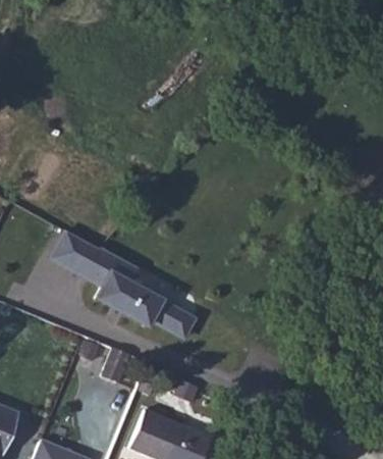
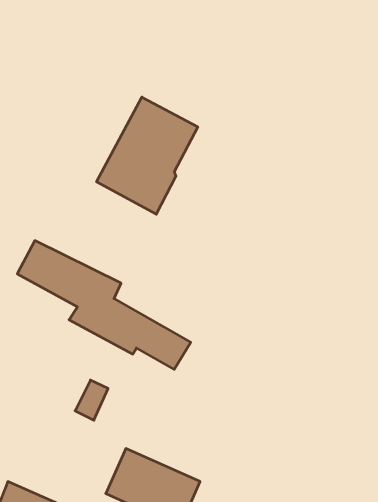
building: none -> [97,97,198,214]

